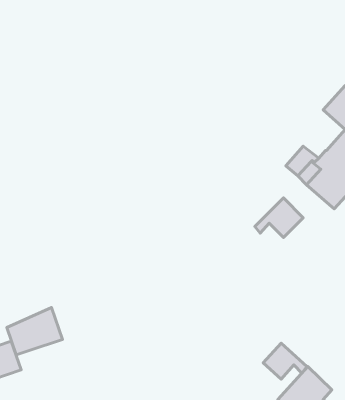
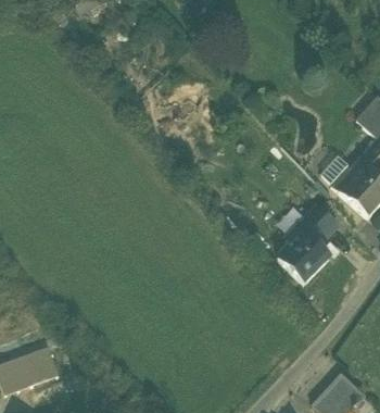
building: none -> [278,230,329,283]
building: [7,308,62,355] -> none
building: [263,343,307,379] -> none

